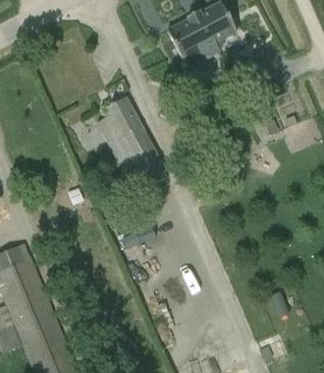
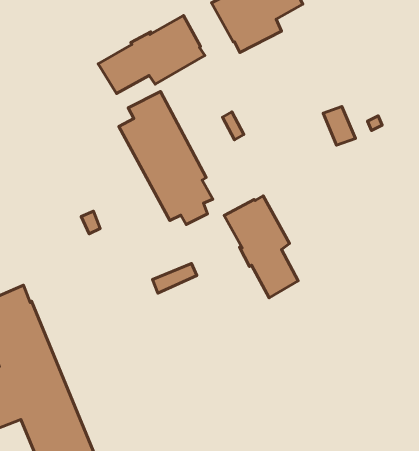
building: none -> [98,15,205,94]
building: none -> [224,196,298,298]

